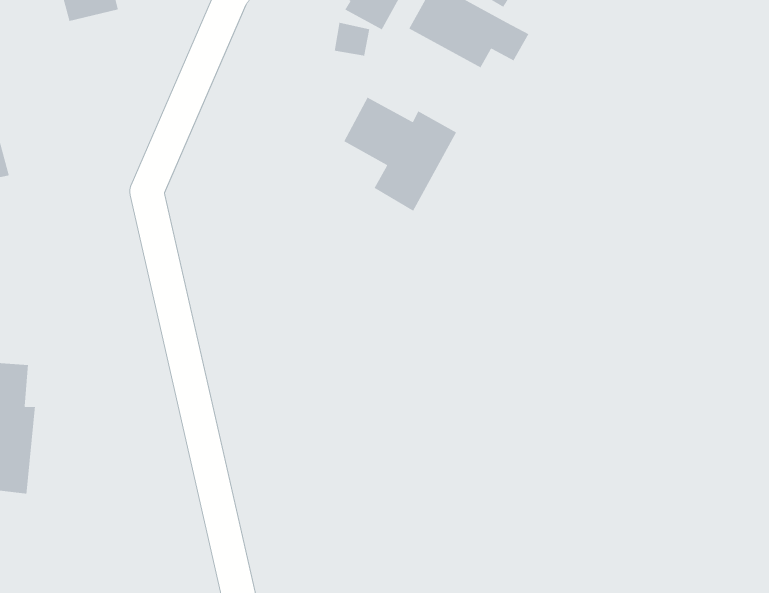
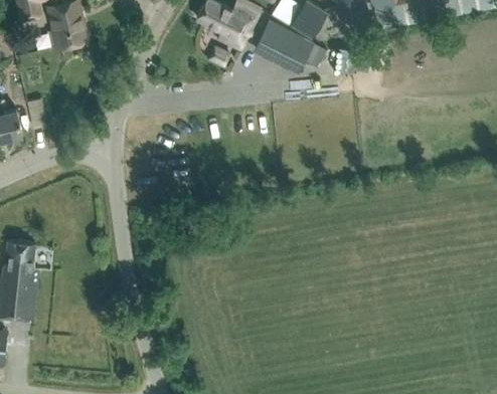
building: [343,97,457,212] -> none

